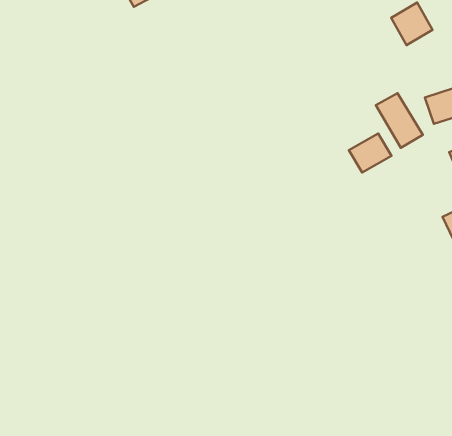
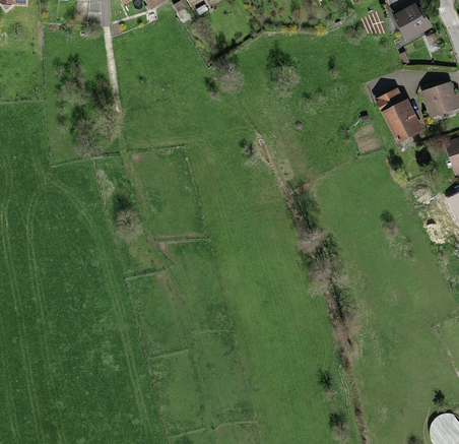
building: [349,133,392,173] -> none

